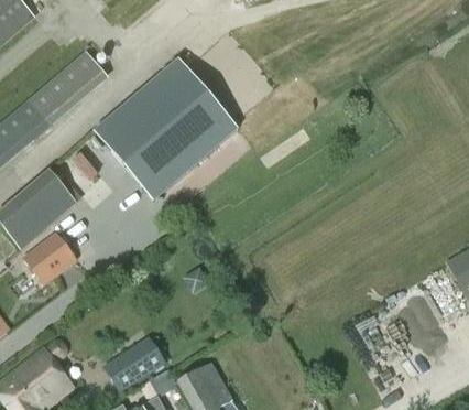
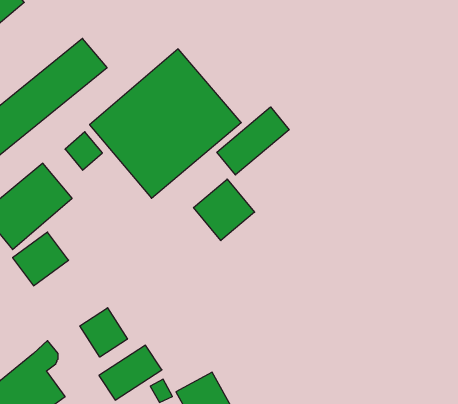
building: none -> [217,107,289,175]
building: none -> [194,179,255,241]
building: none -> [80,308,127,357]

